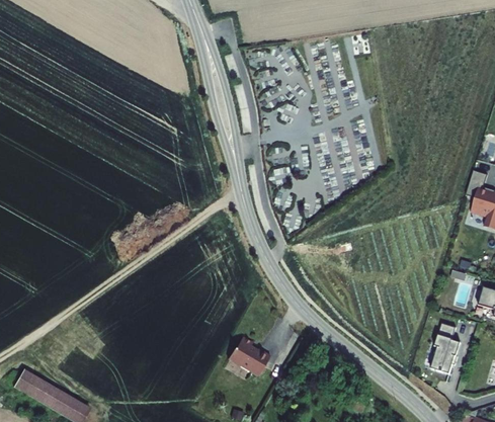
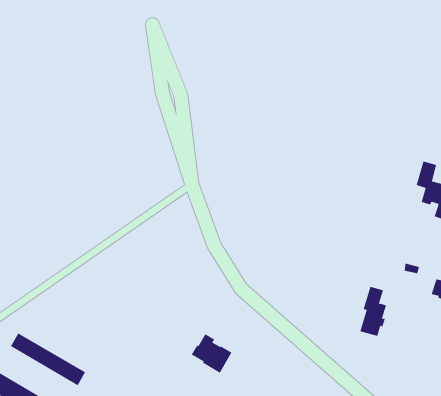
building: [431,326,459,376] -> [360,286,387,336]
building: none -> [10,332,86,386]

